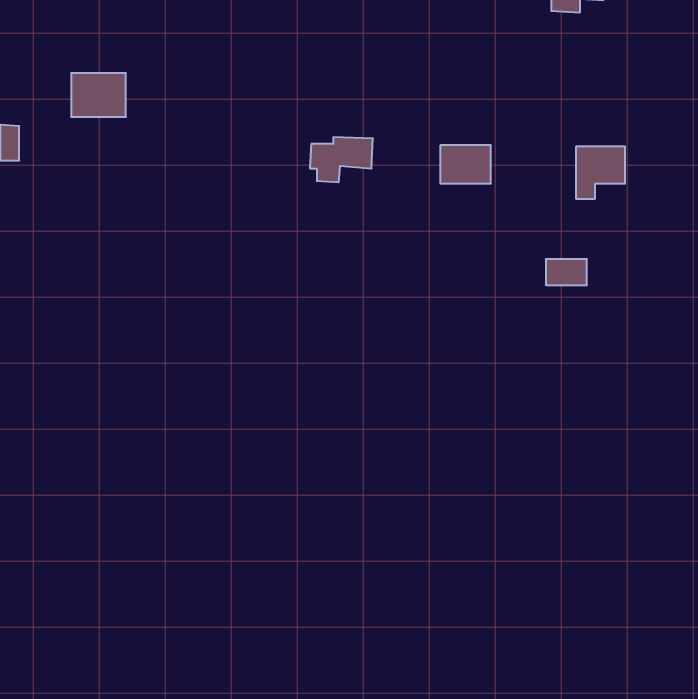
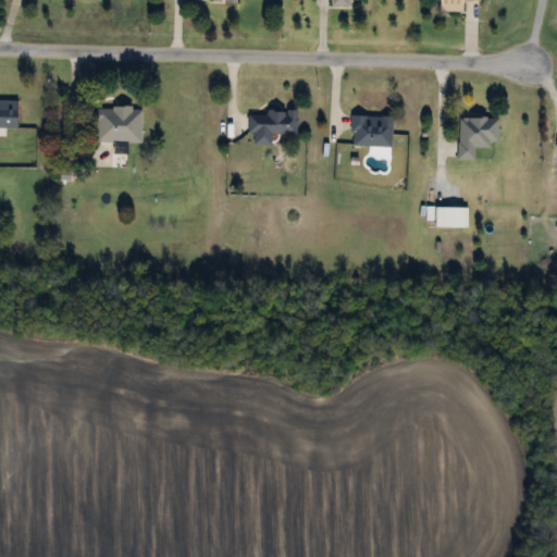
building: [71,73,126,117] -> [98,107,141,141]

